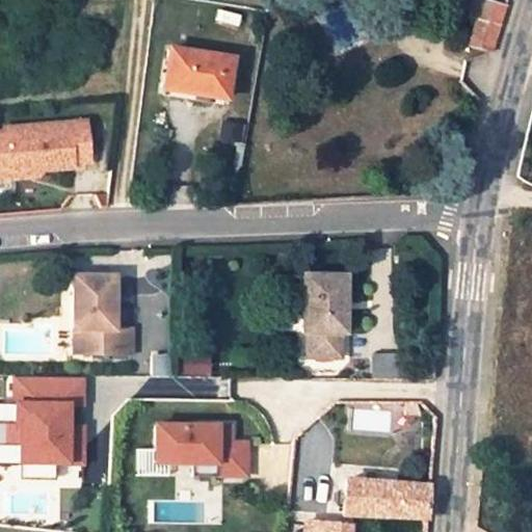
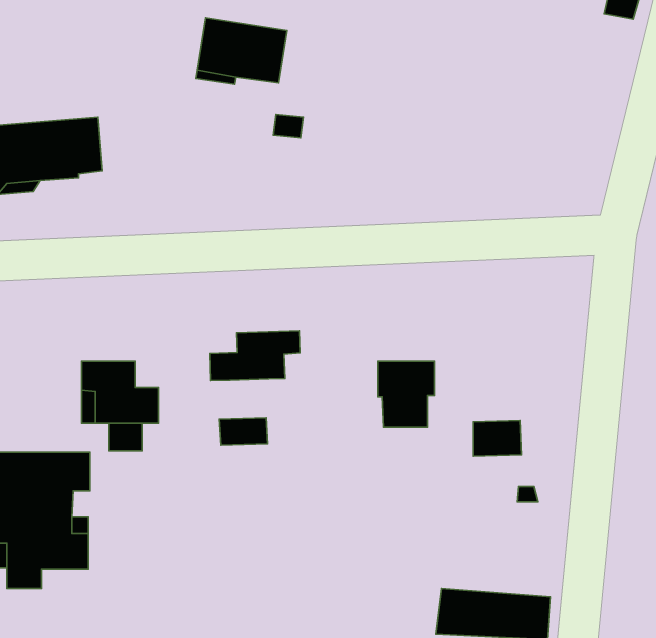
building: [78,275,118,307] -> none
building: [301,277,344,307] -> none
building: none -> [210,331,300,381]
building: [158,424,249,472] -> none

